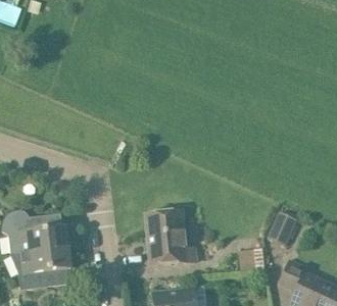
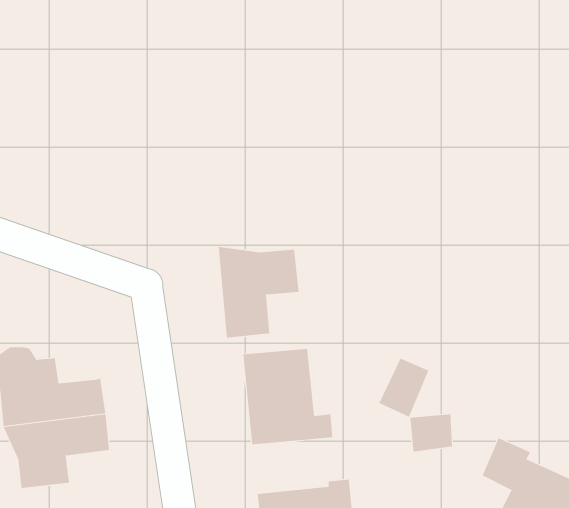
building: none -> [218,246,299,338]
building: [268,212,296,246] -> [378,358,429,418]

